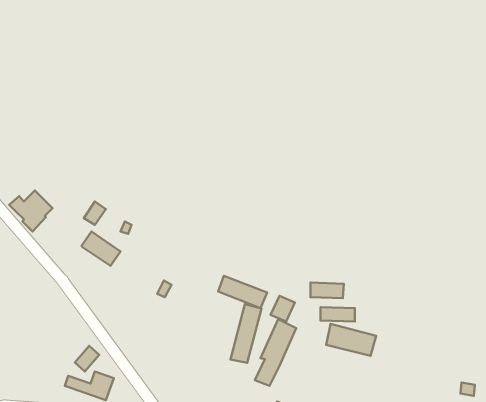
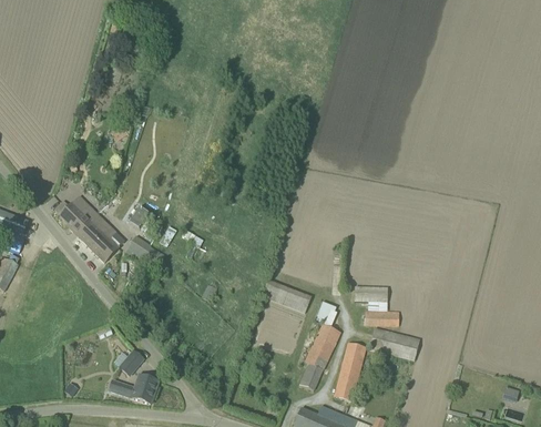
building: none -> [78,213,119,263]
building: [230,304,262,363] -> [335,343,366,401]

